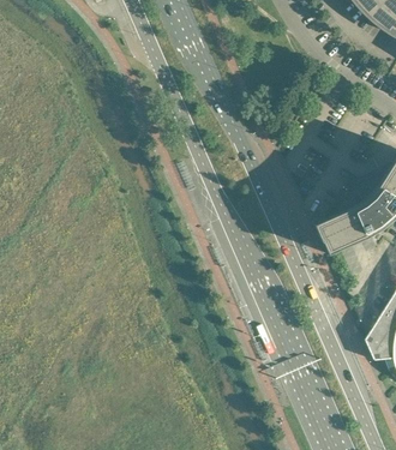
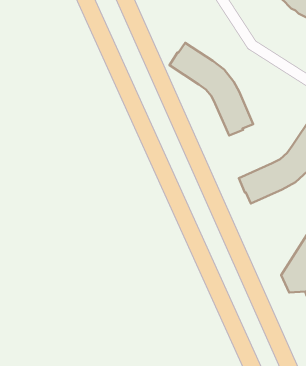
building: none -> [169,43,253,136]

